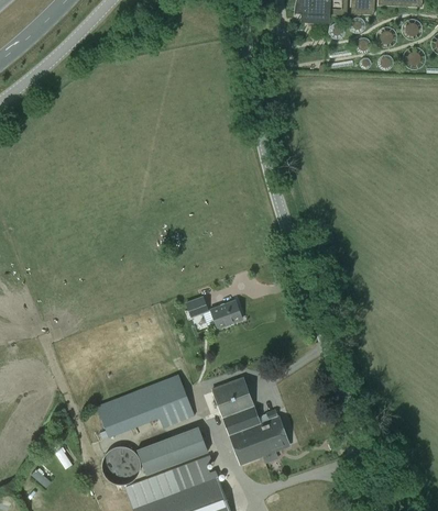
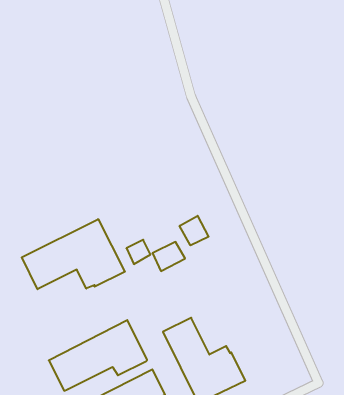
building: none -> [22,219,125,289]
building: none -> [180,216,209,245]

